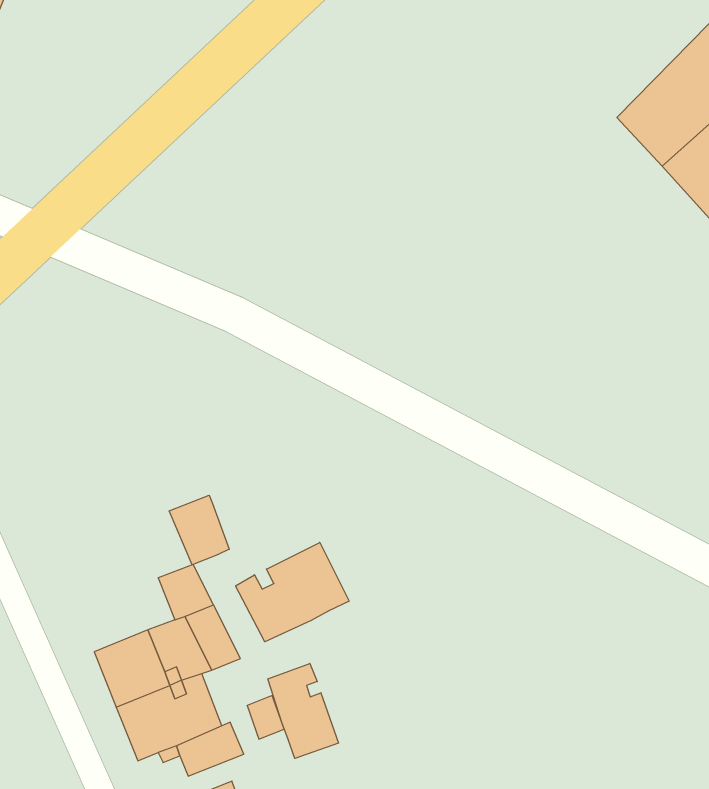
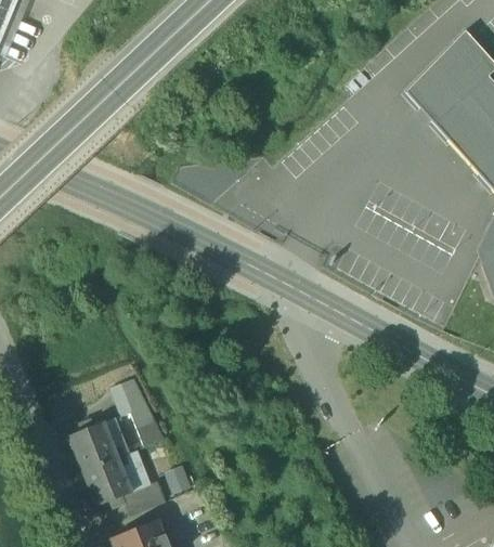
building: [169,495,229,565] -> none
building: [236,542,349,642] -> none
building: [268,663,339,758] -> none

